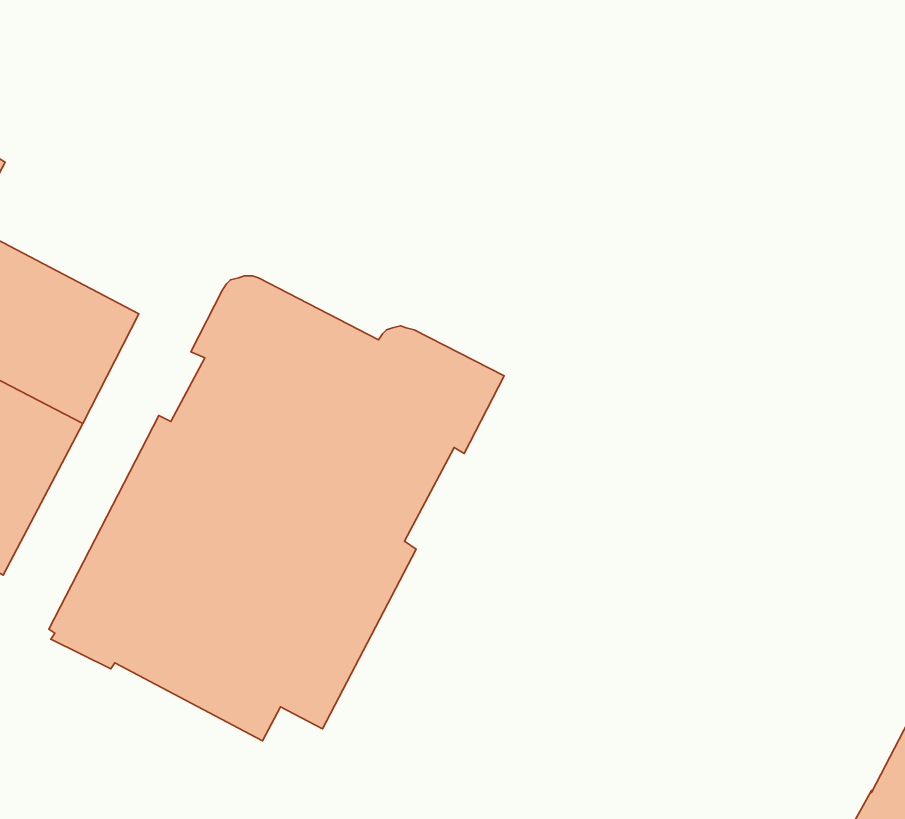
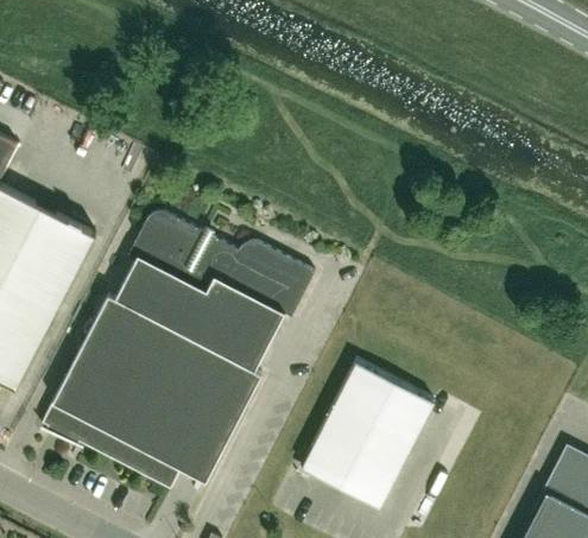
building: none -> [301,362,434,508]

